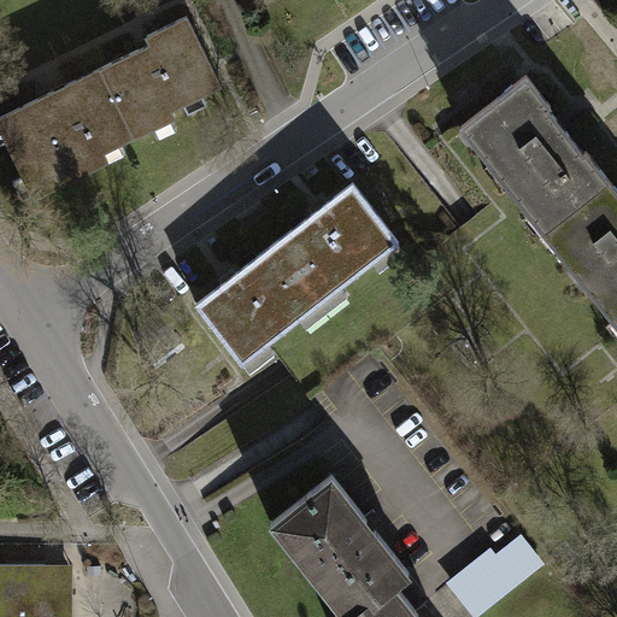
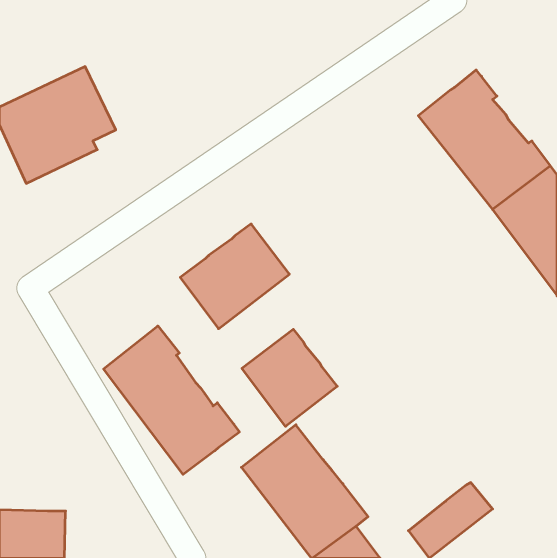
building: [94,20,216,143] -> none
building: [277,190,394,302] -> none
building: none -> [104,326,239,474]
building: none -> [242,329,337,426]

